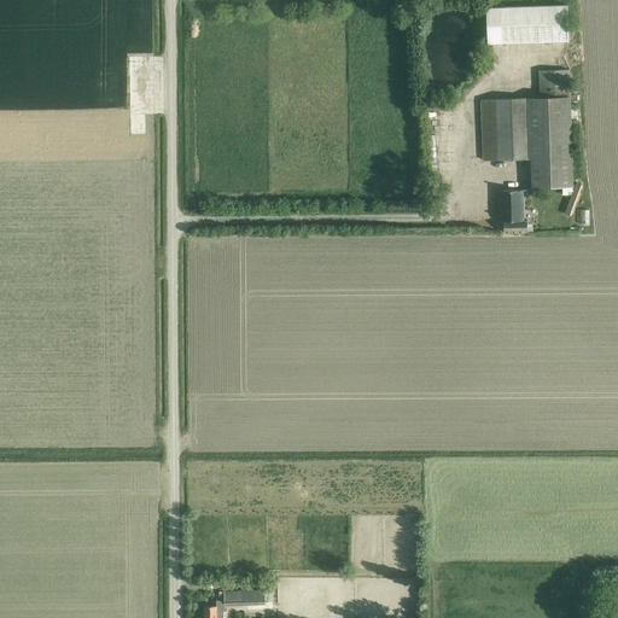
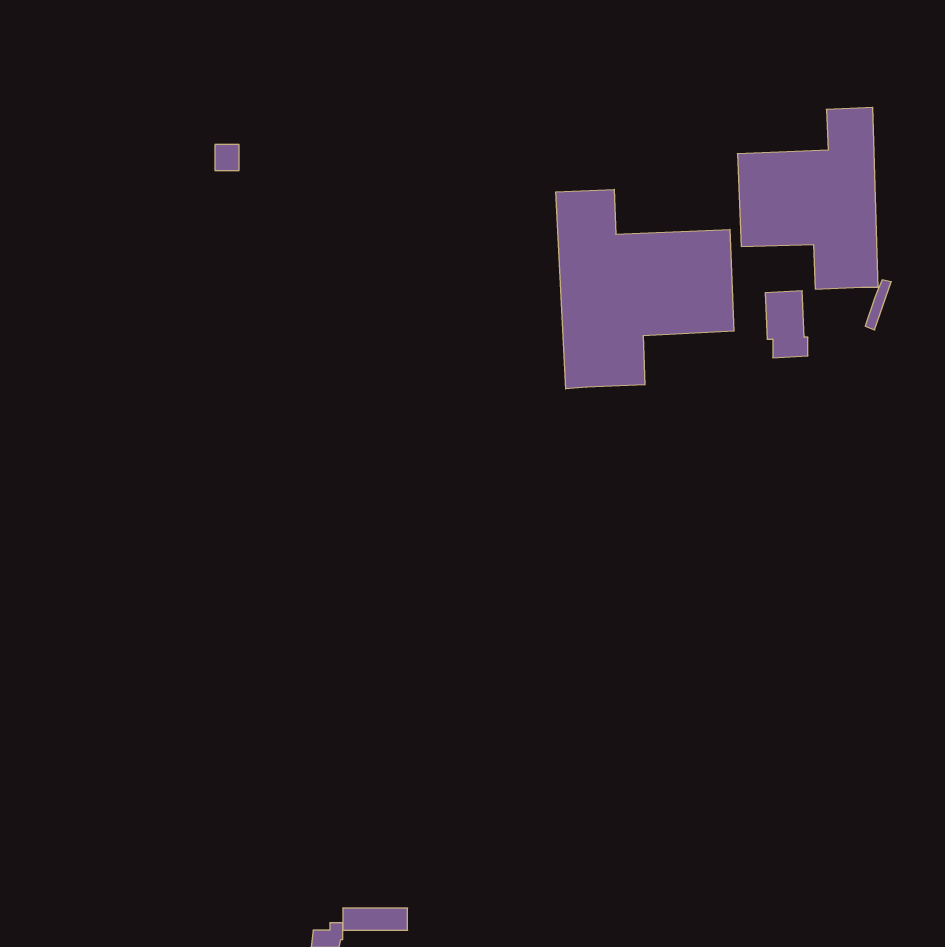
building: [486,6,567,43] -> none
building: none -> [556,189,734,389]

